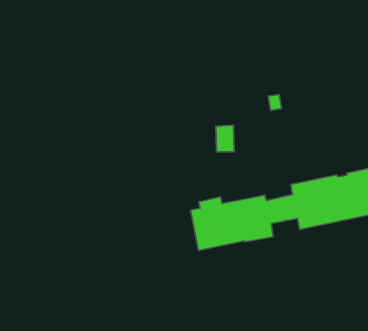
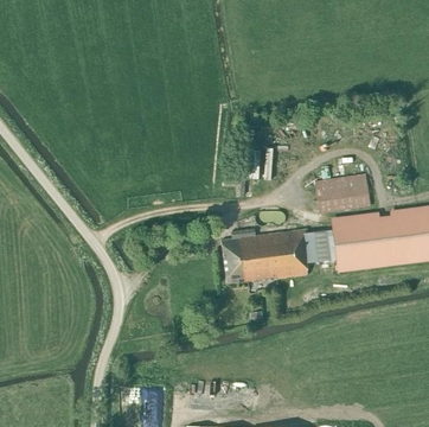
building: none -> [316,174,372,215]

